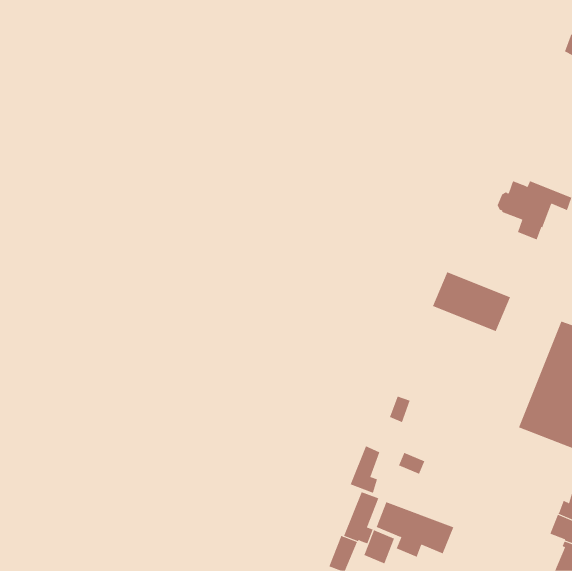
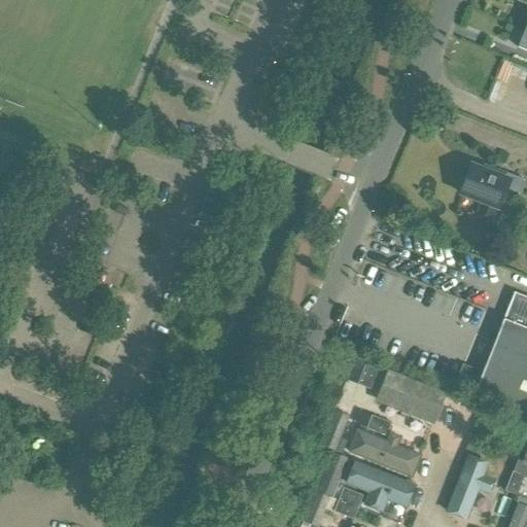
building: [432,271,511,332] -> [376,368,448,424]
building: none -> [348,428,422,478]
building: none -> [446,453,496,519]

